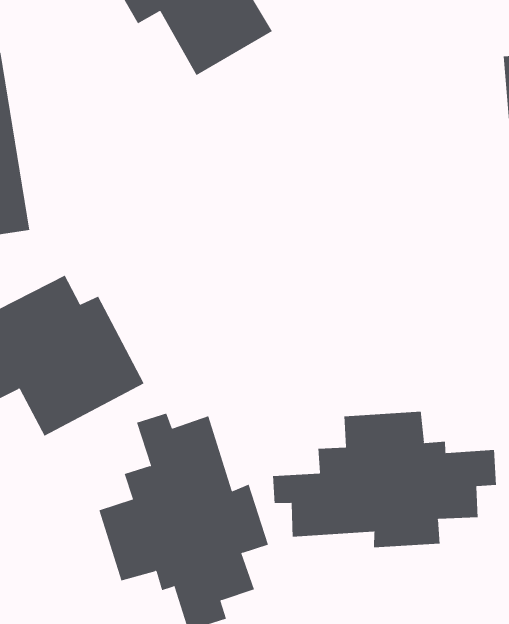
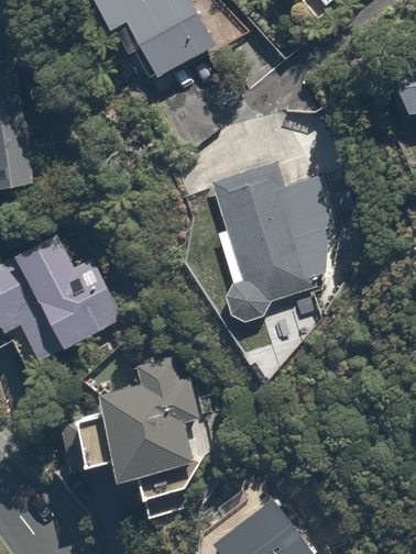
building: none -> [214,163,330,324]
building: [272,411,497,548] -> none

